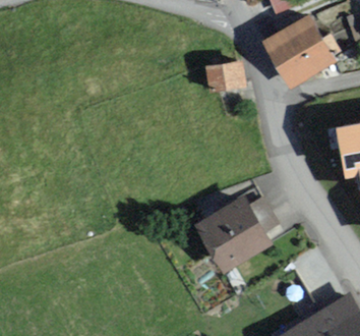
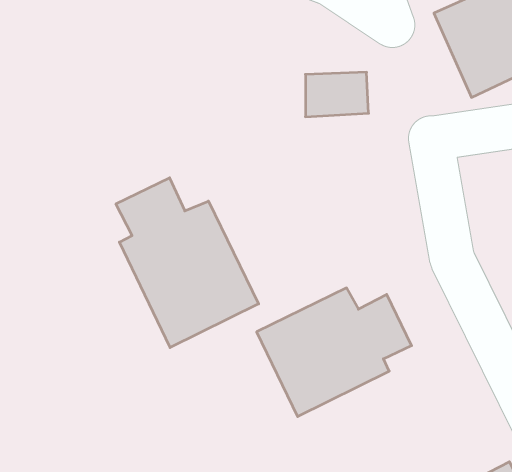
building: none -> [116,178,259,348]

